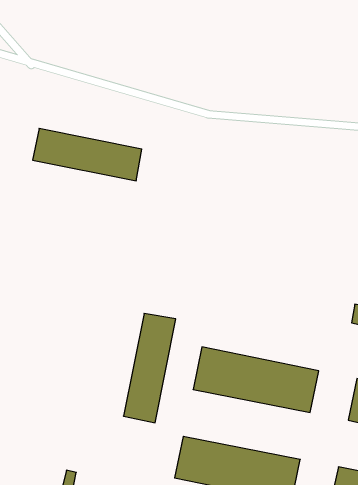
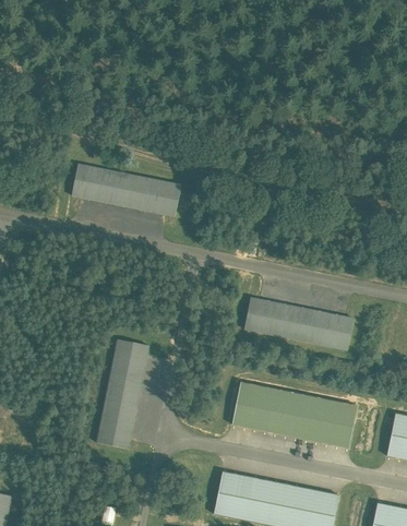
building: none -> [243,298,354,349]
building: [123,313,176,423] -> [96,339,148,449]

